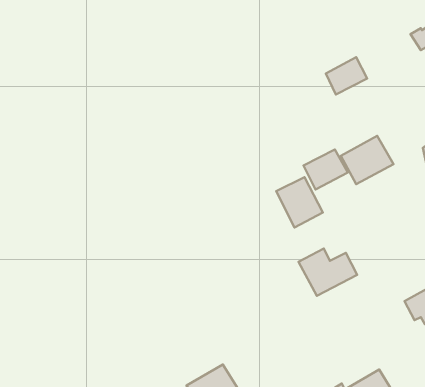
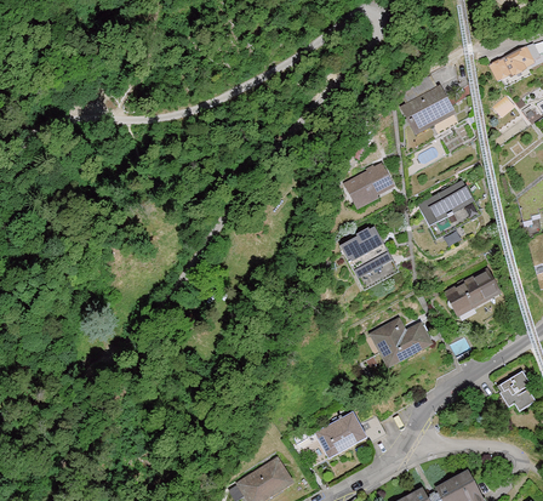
building: [303,149,348,190] -> [342,163,395,211]
building: none -> [441,274,491,321]
building: none -> [314,411,385,461]

